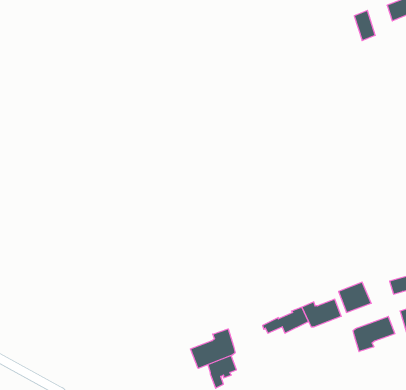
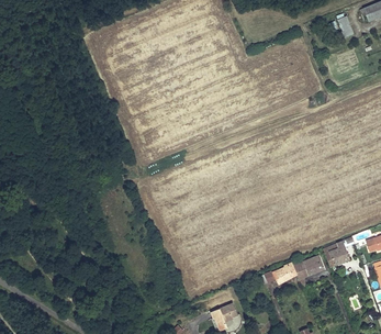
building: [353,316,395,352] -> none
building: [191,329,235,368] -> none

